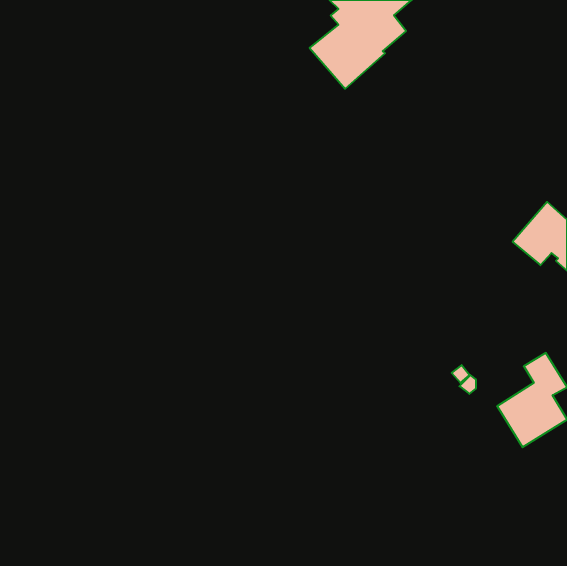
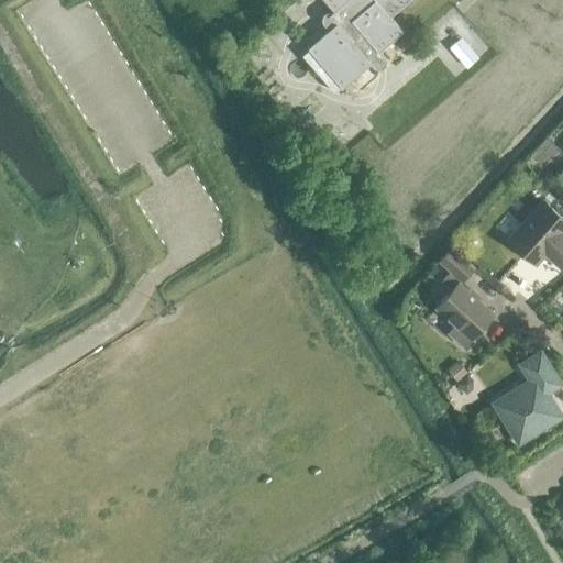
building: none -> [435,247,493,347]

